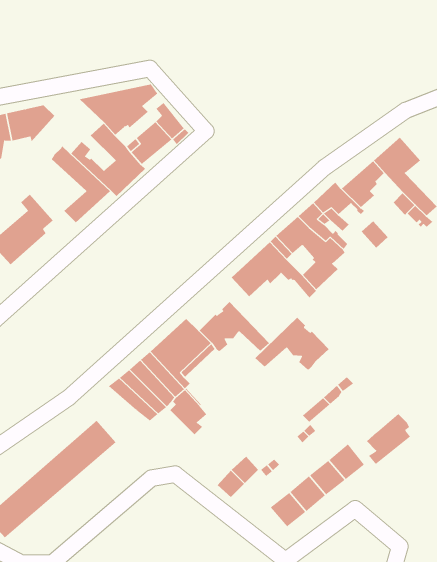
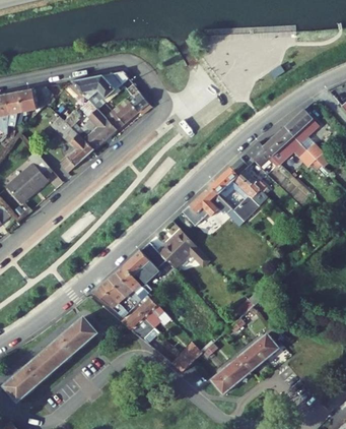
building: [255,317,329,370] -> none
building: none -> [123,309,156,341]
building: [366,413,411,465] -> none

